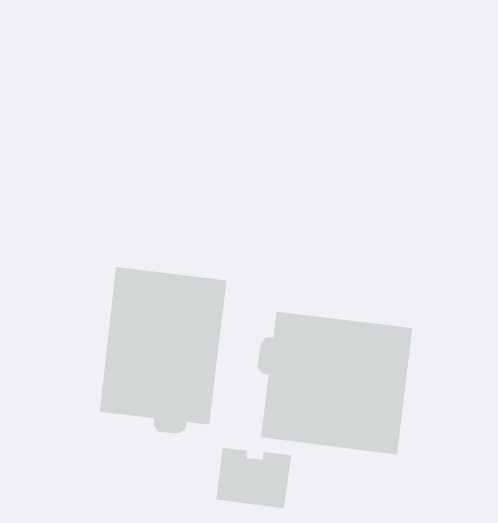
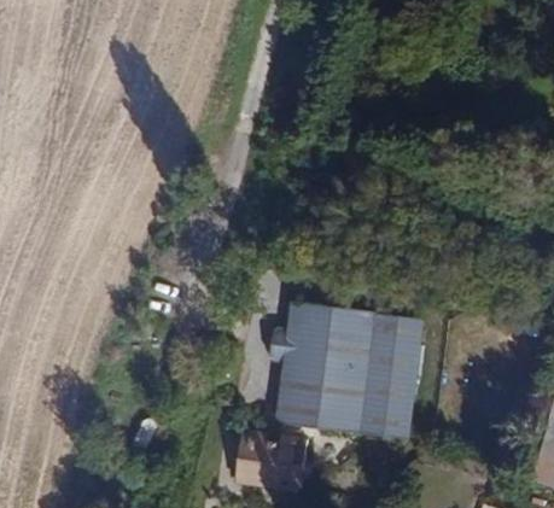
building: [99,266,227,434] -> none

